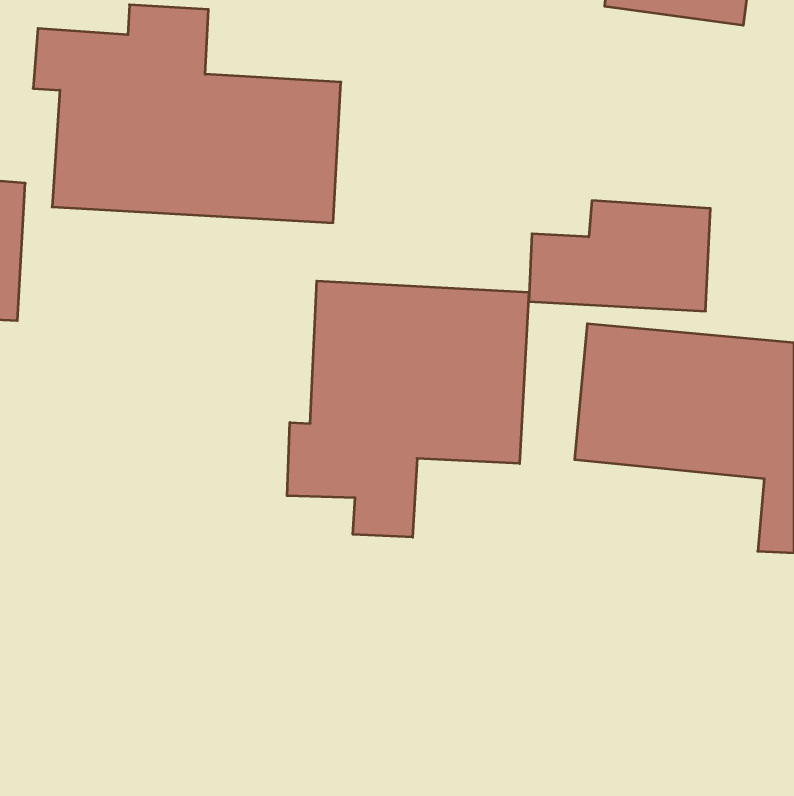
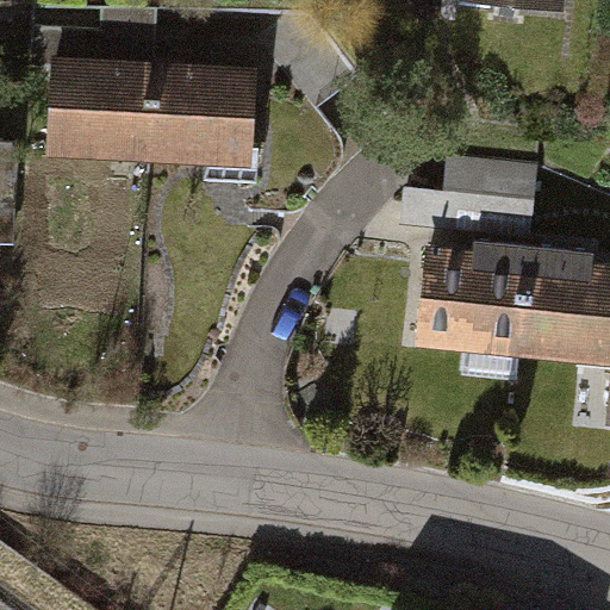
building: [287,281,529,537] -> none

